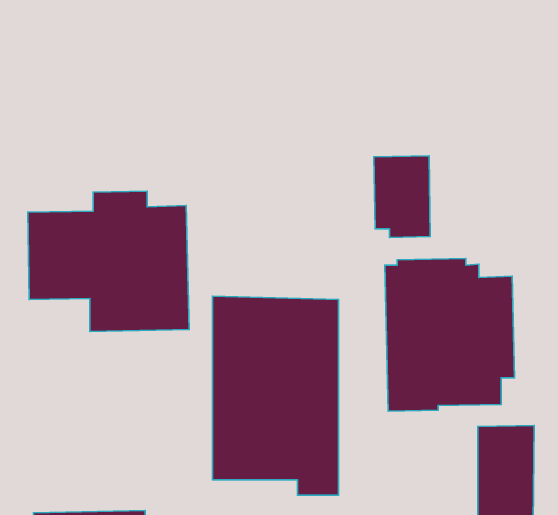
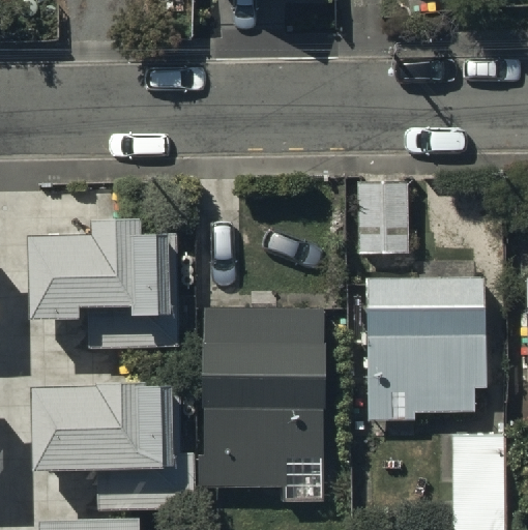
building: none -> [30,380,196,507]

